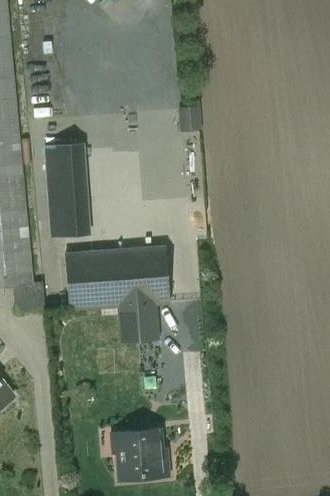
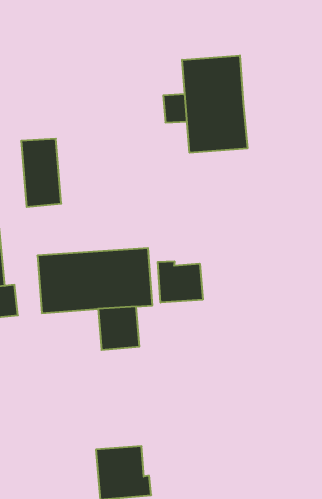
building: none -> [182,55,247,153]
building: [54,206,88,235] -> none
building: none -> [158,261,203,303]

